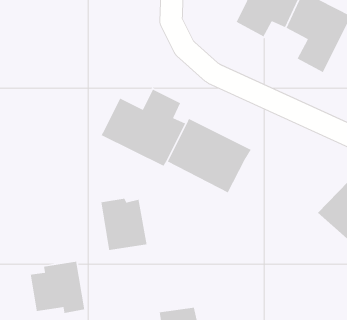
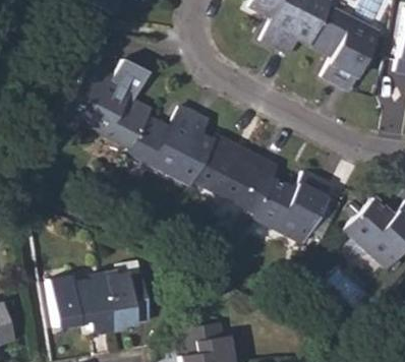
building: none -> [63,58,150,146]
building: none -> [251,170,332,241]
building: [100,198,147,251] -> [104,273,151,325]

